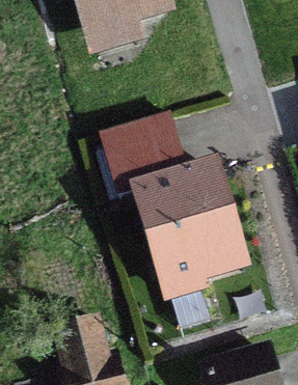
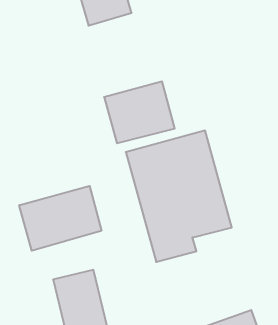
building: none -> [19,186,101,251]

